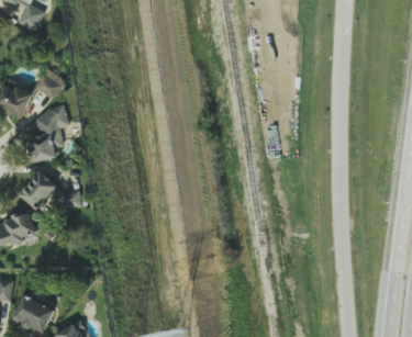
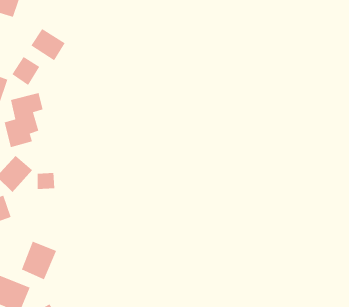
building: none -> [30,28,66,61]
building: none -> [21,241,57,280]

